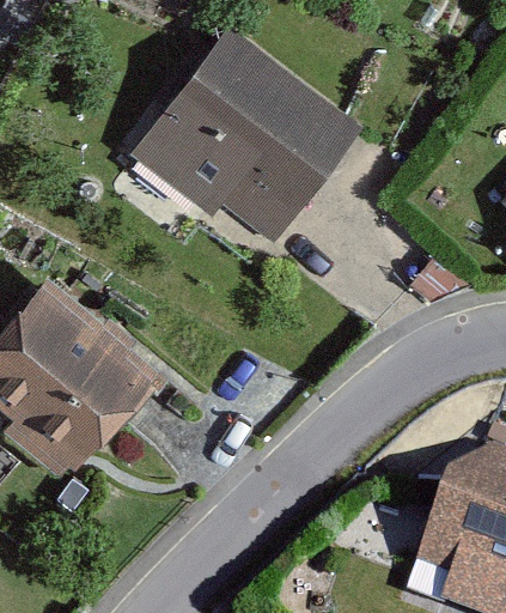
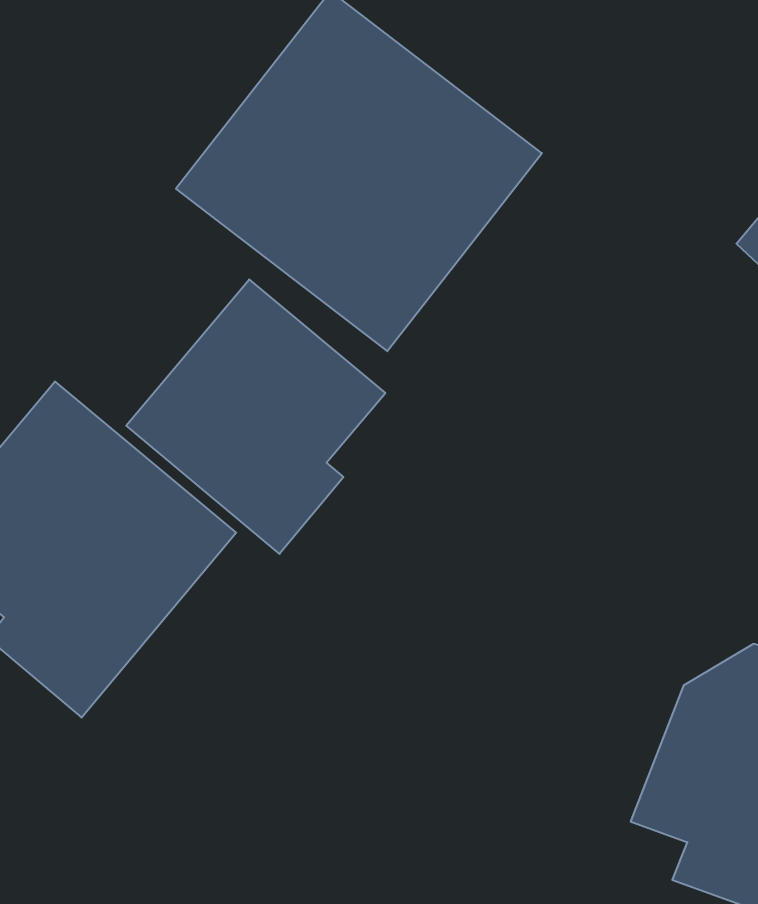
building: none -> [126,279,385,554]

